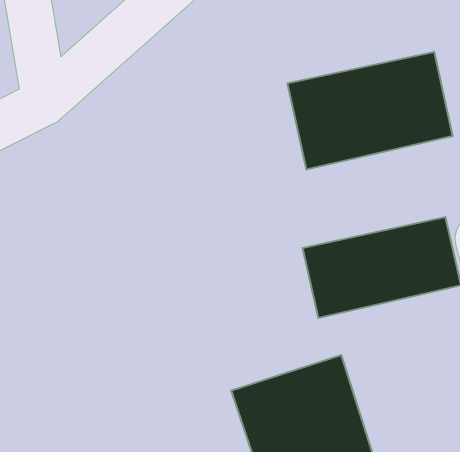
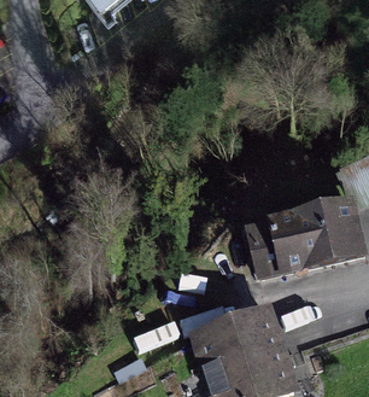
building: [287,52,453,170] -> none

